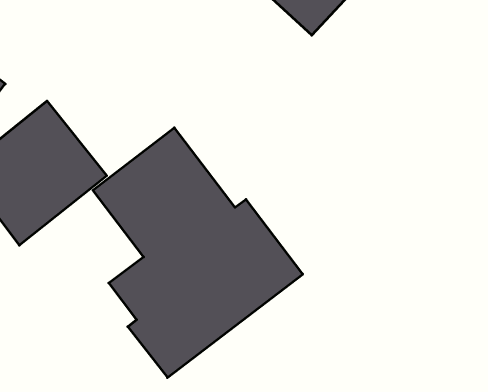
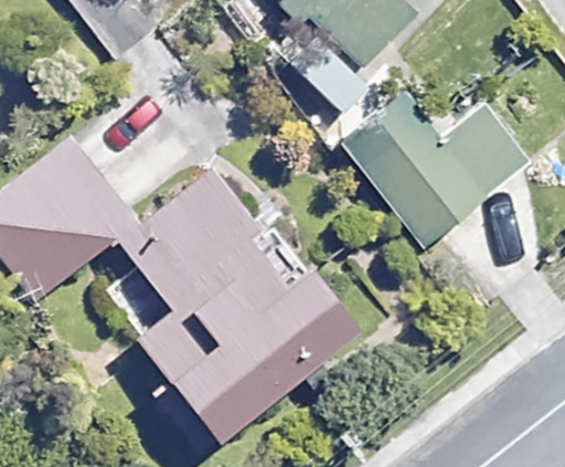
building: none -> [347,96,530,245]

